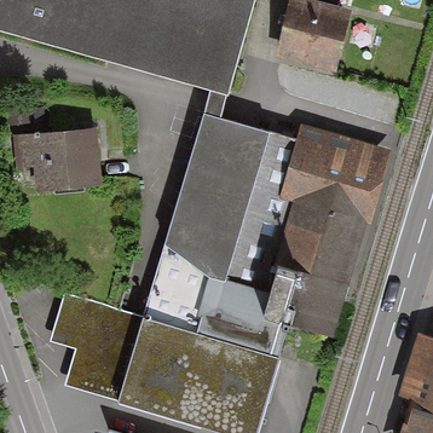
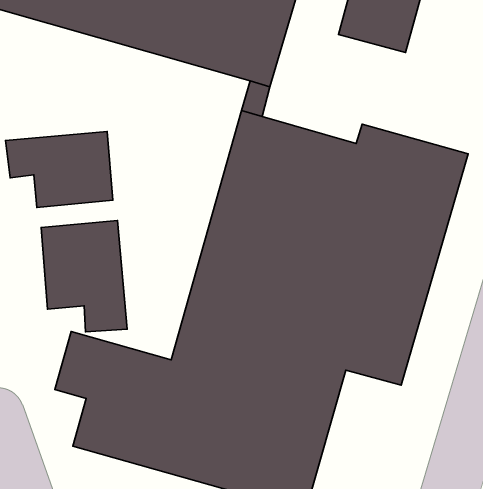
building: none -> [41,221,127,332]

